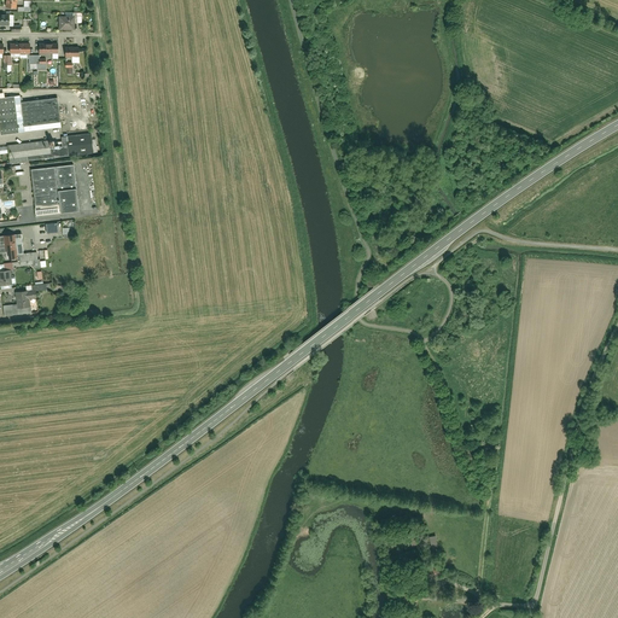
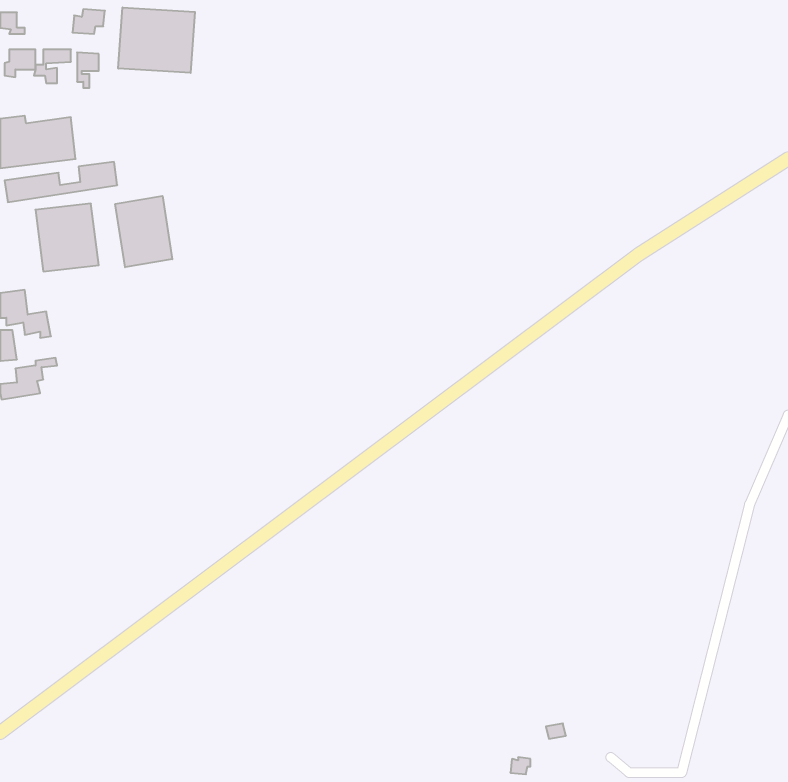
building: none -> [118,7,195,73]
building: none -> [115,196,172,267]

